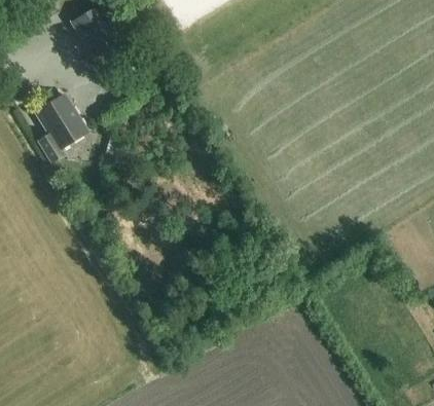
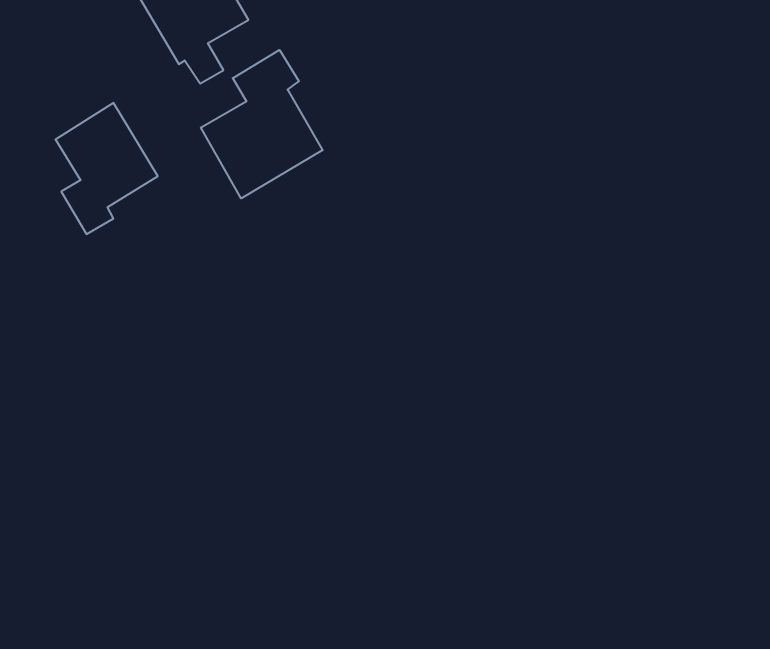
building: none -> [201,50,323,198]

